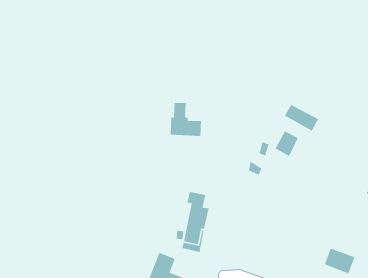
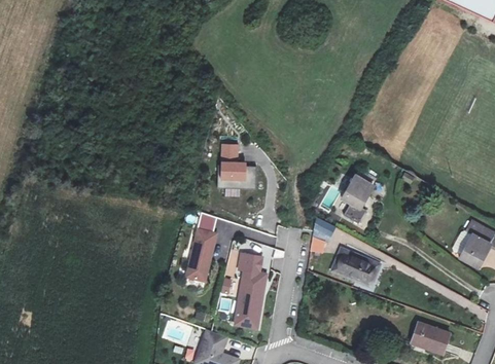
building: [284,103,319,132] -> none
building: none -> [188,212,218,280]
building: none -> [339,254,378,282]

